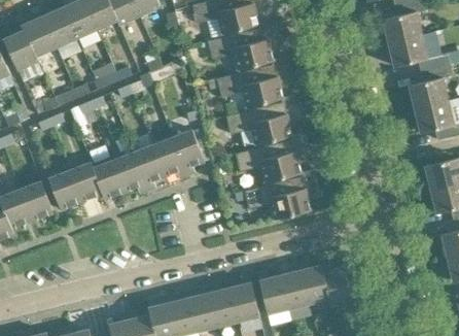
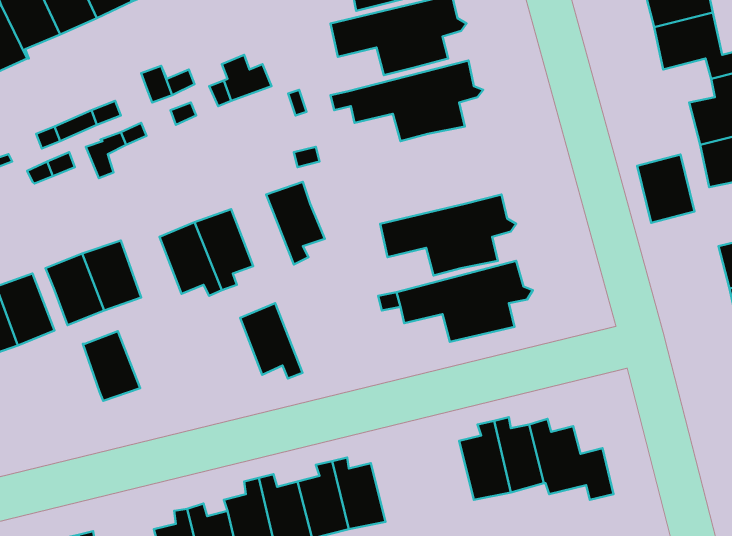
building: [226,100,303,147] -> none
building: none -> [637,155,695,223]
building: [152,137,187,179] -> [240,303,303,379]
building: [93,161,125,200] -> [83,331,140,401]
building: [257,272,288,313] -> none
building: [231,276,259,321] -> none

